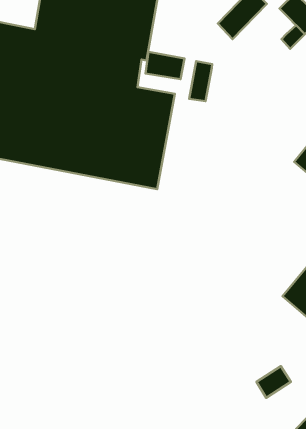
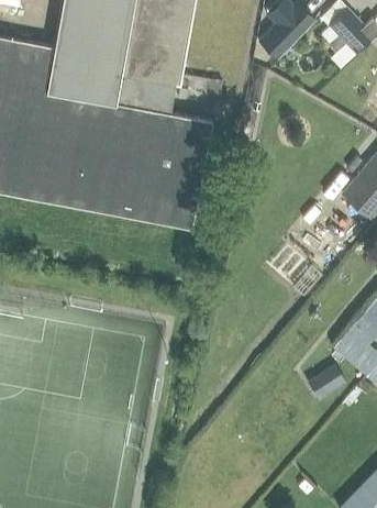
building: [189,61,212,101] -> none
building: [256,366,291,398] -> [307,364,345,399]

